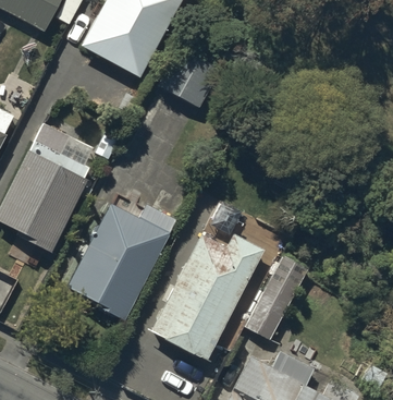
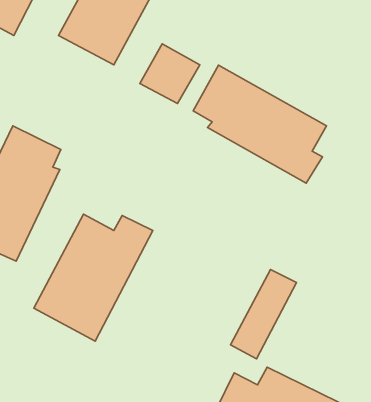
building: none -> [193,65,327,183]
building: [156,238,261,354] -> none

